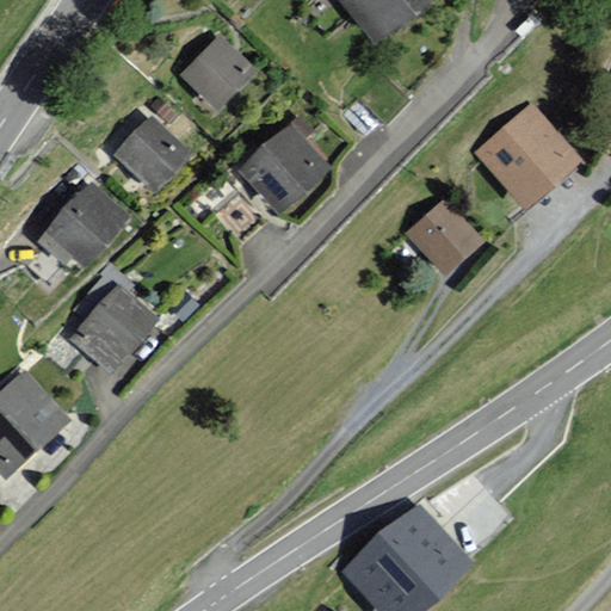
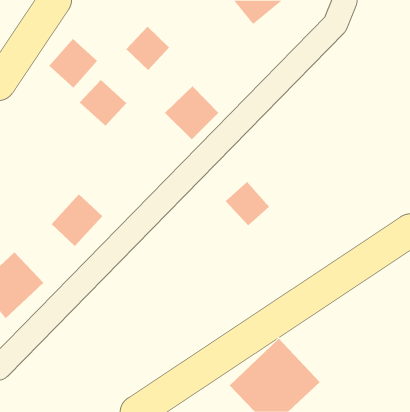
building: none -> [49,38,98,88]
building: [480,109,576,205] -> none
building: [50,185,124,261] -> none
building: [408,202,475,269] -> [225,181,270,226]

